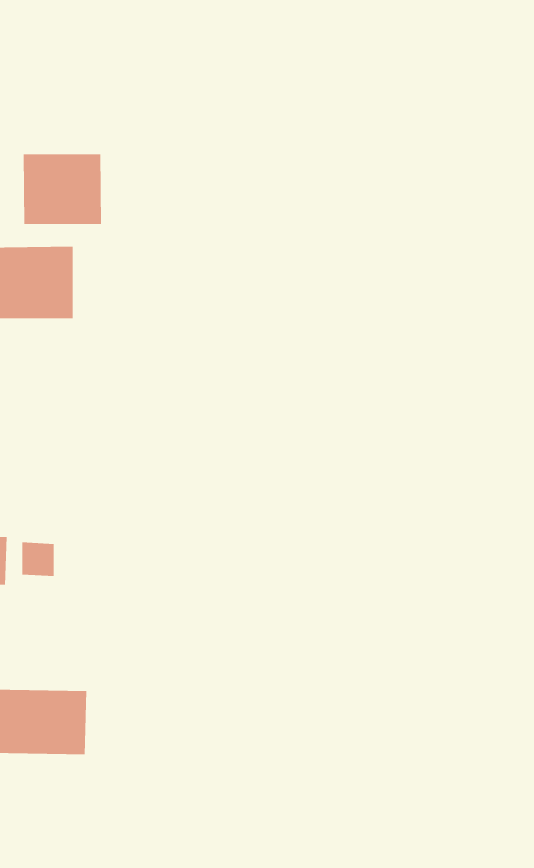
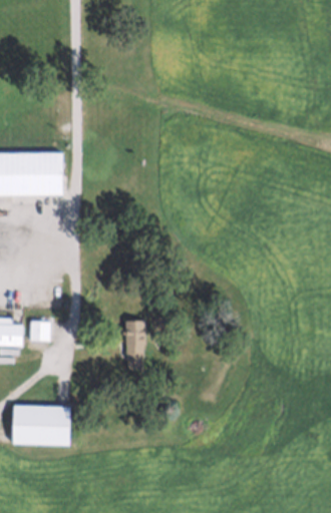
building: [23,153,101,225] -> none
building: none -> [127,321,144,357]

